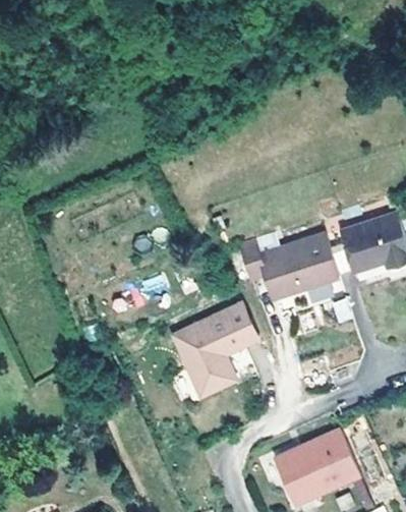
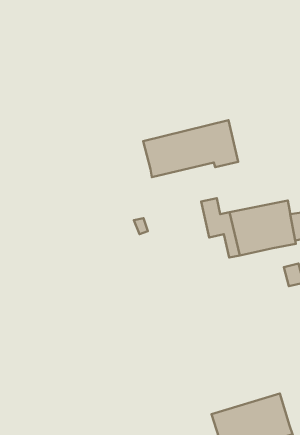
building: none -> [143,120,238,177]
building: [175,305,255,393] -> none

